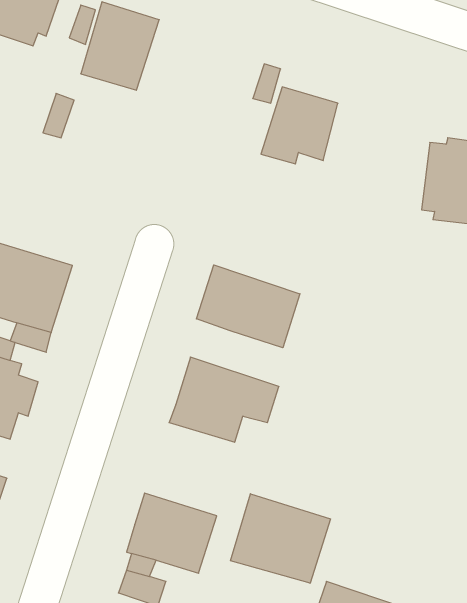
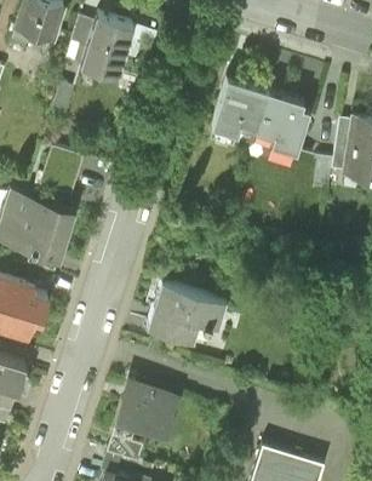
building: none -> [259,92,309,154]
building: [196,265,300,348] -> none
building: [230,494,330,583] -> none

